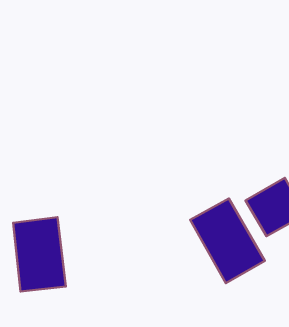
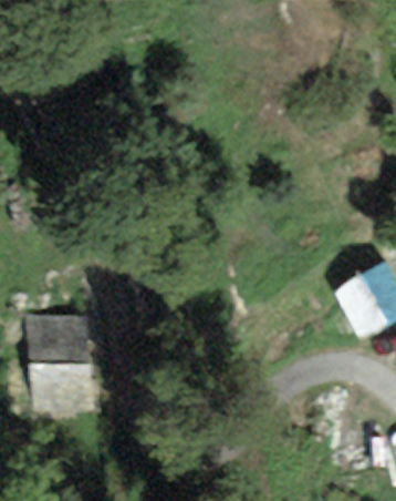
building: [190,199,265,283] -> none

